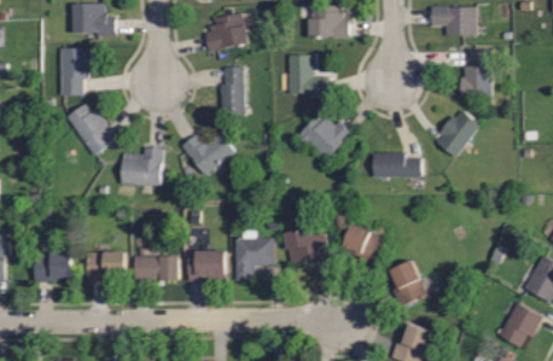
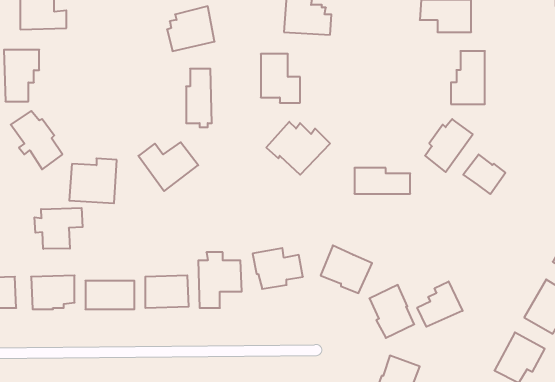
building: none -> [463,154,505,194]
building: none -> [35,208,83,249]
building: none -> [417,281,463,327]

